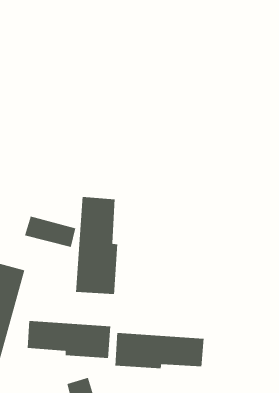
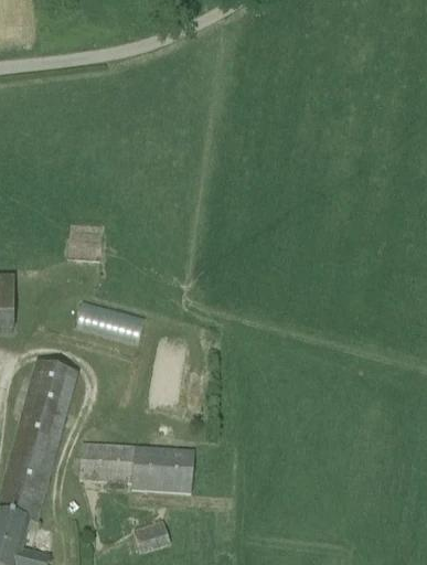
building: [76,196,118,295] -> none
building: [115,332,204,369] -> none

